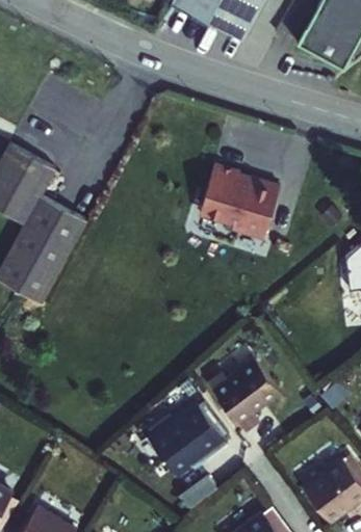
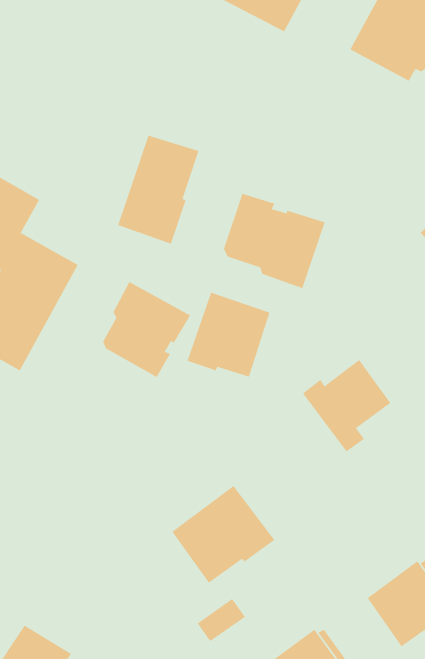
building: none -> [117,135,199,245]
building: none -> [102,281,191,378]
building: none -> [187,292,270,377]
building: [217,351,287,424] -> [302,359,391,452]

